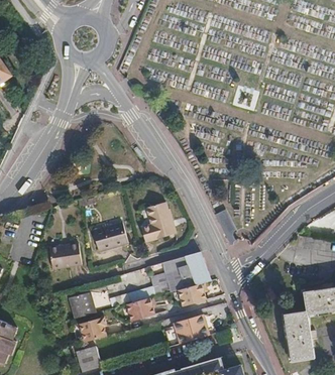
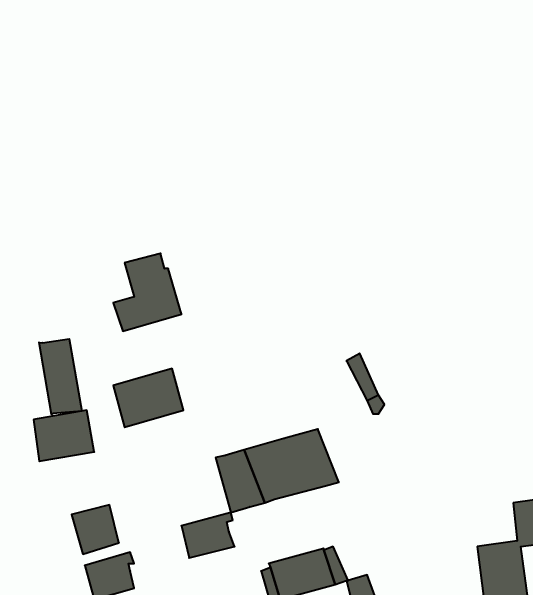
building: [138,200,175,241] -> [113,253,182,331]
building: none -> [39,339,82,414]
building: [176,281,204,305] -> none

